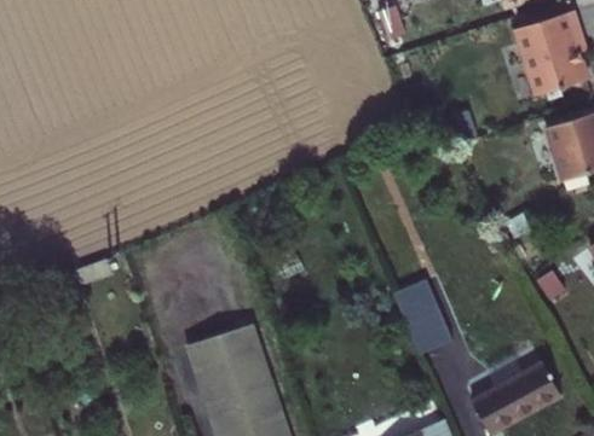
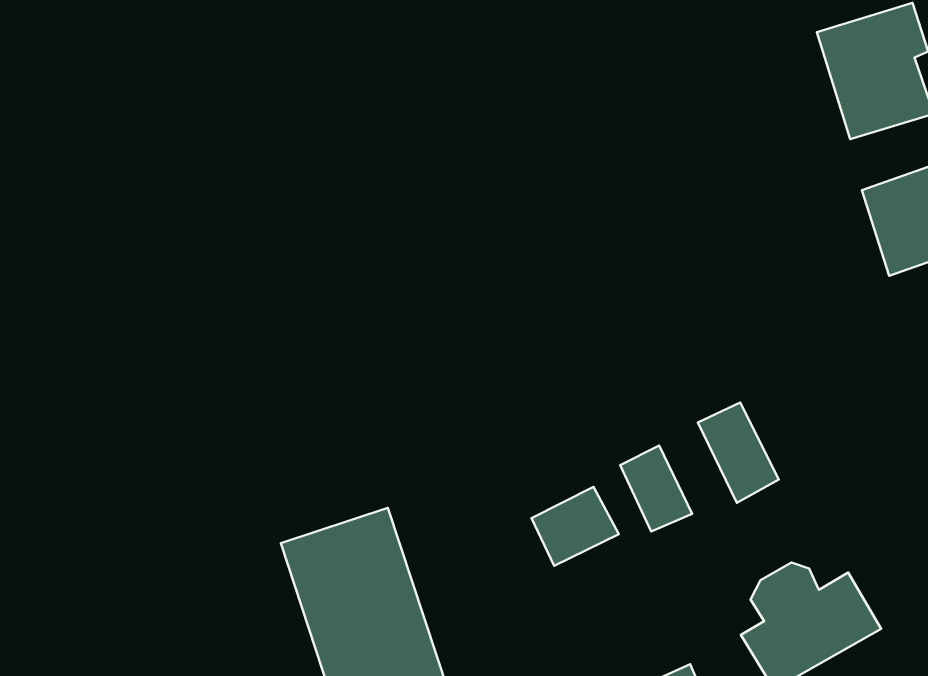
building: none -> [698,402,779,503]
building: none -> [531,487,619,566]

